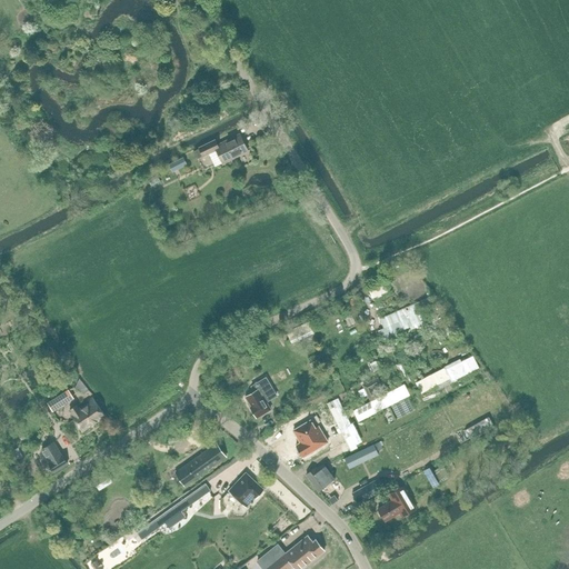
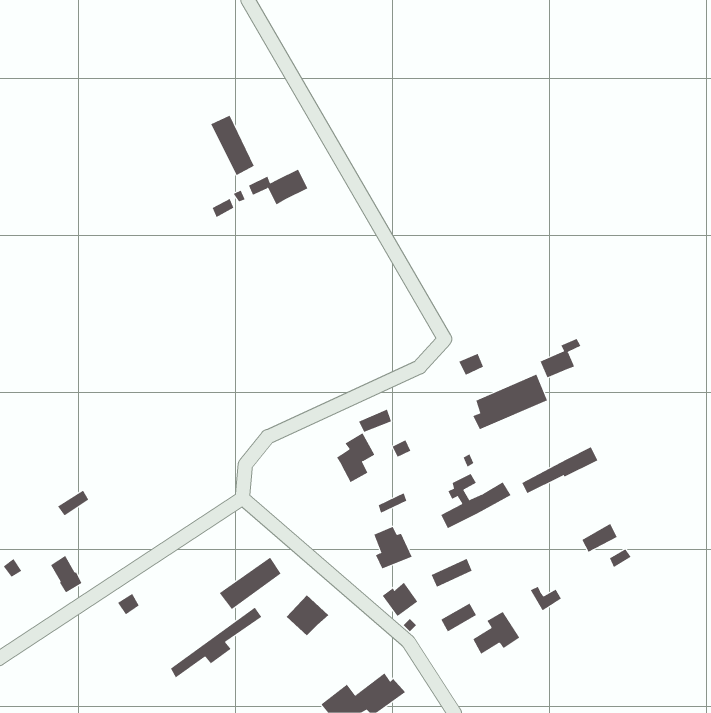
building: none -> [211,115,255,176]
building: none -> [540,338,581,378]
building: [243,378,274,418] -> [336,432,375,483]
building: [68,398,103,431] -> none

